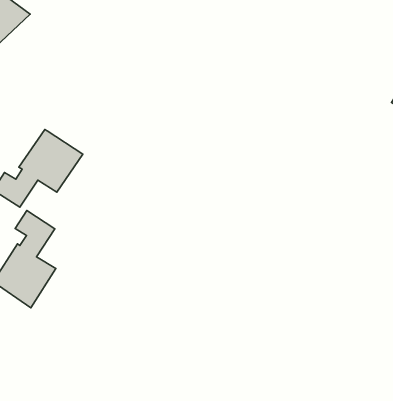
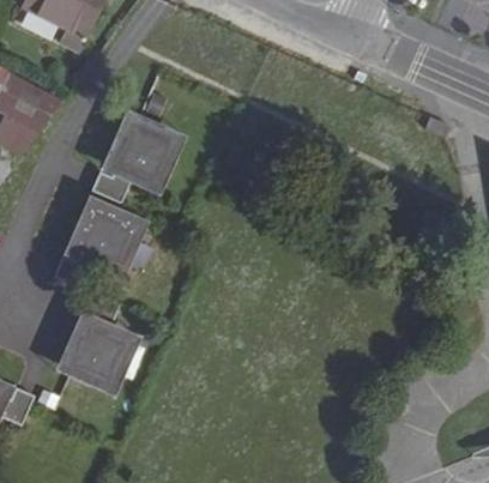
building: none -> [87,122,169,203]

